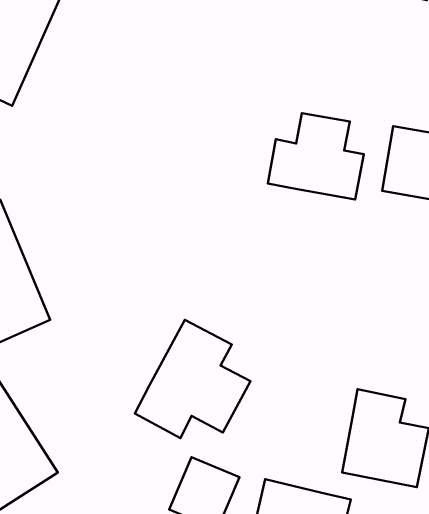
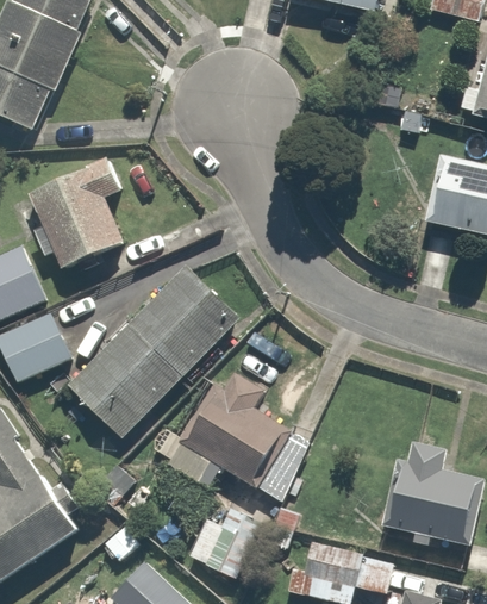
building: [268,113,364,199] -> none
building: none -> [29,160,136,278]
building: none -> [65,269,238,442]

